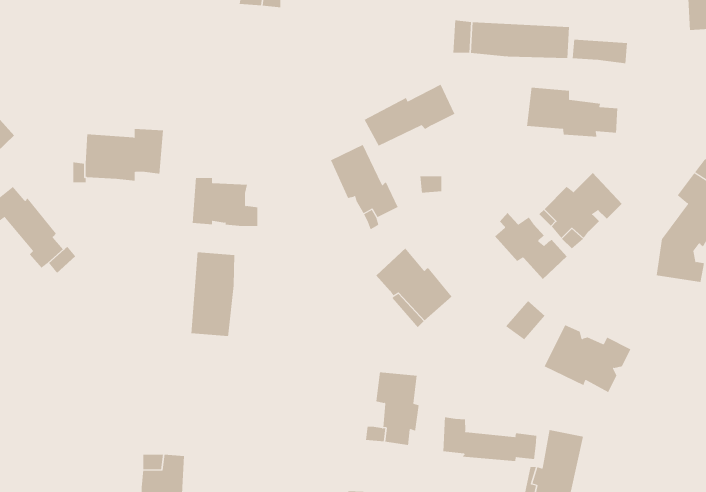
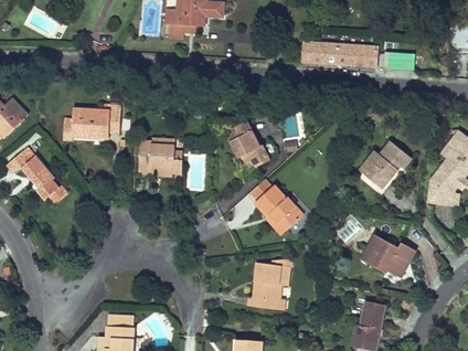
building: [364,84,455,146] -> none
building: [527,87,618,137] -> none
building: [494,212,567,280] -> none
building: [191,252,235,337] -> none
building: [443,416,537,462] -> none

